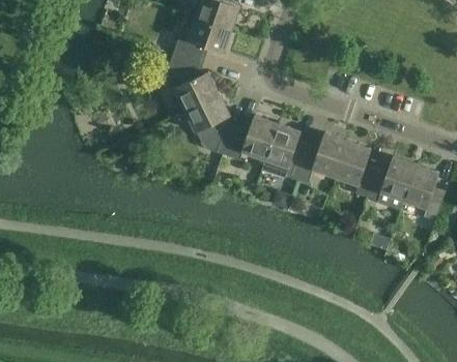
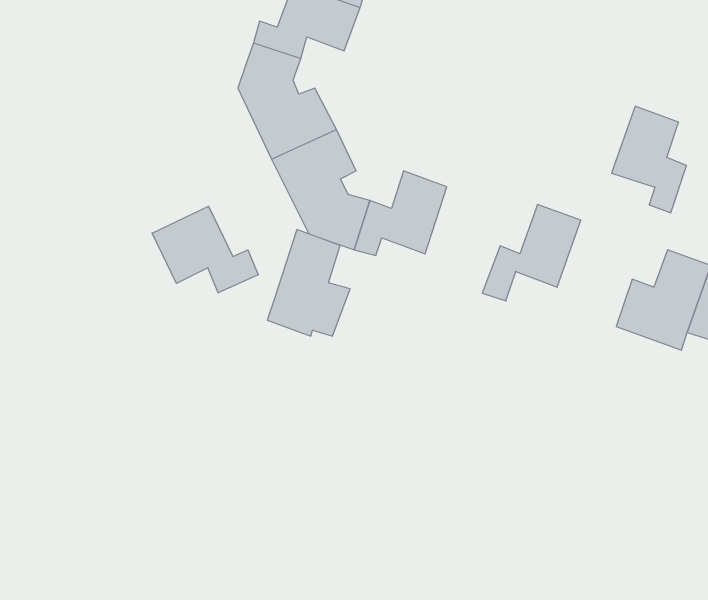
building: [261,124,305,180] -> [267,230,350,336]
building: none -> [152,206,258,293]
building: [335,142,374,198] -> [612,106,686,213]

